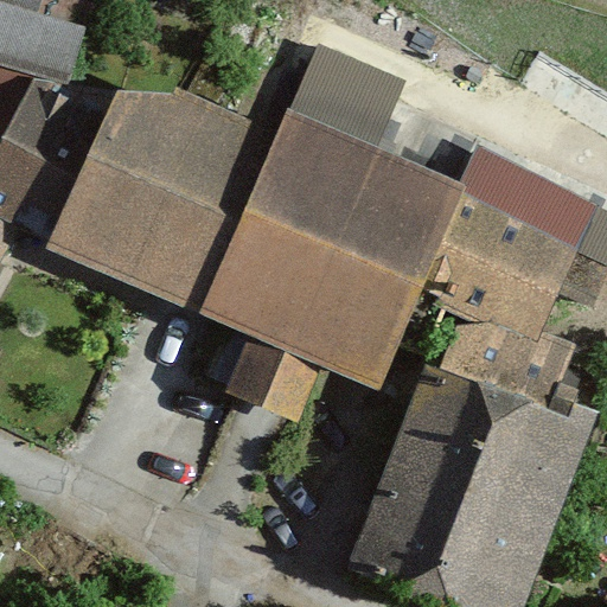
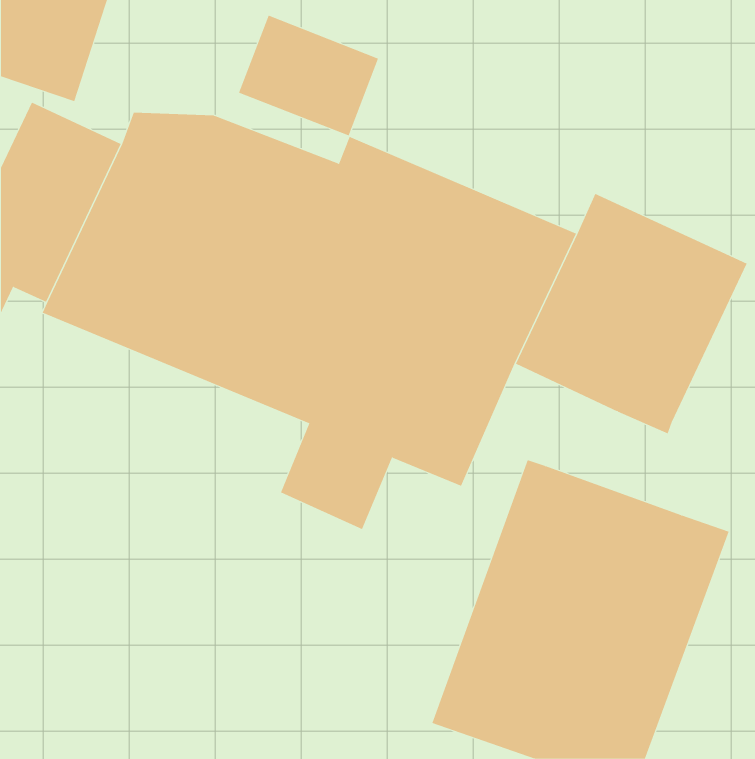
building: [301,34,413,130] -> [238,15,379,136]
building: [440,326,570,408] -> none

